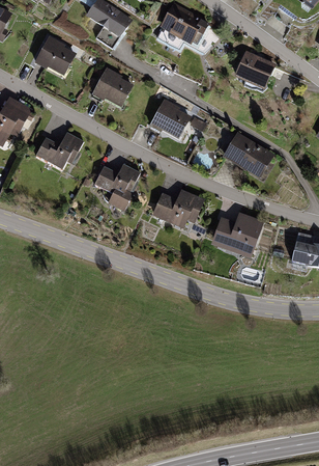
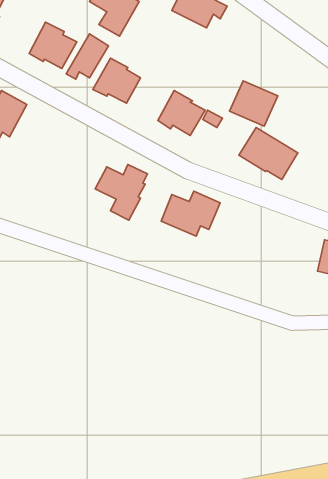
building: none -> [66,34,108,79]
building: [233,53,277,93] -> [229,81,278,126]
building: [35,134,83,172] -> none
building: [211,212,264,258] -> none

